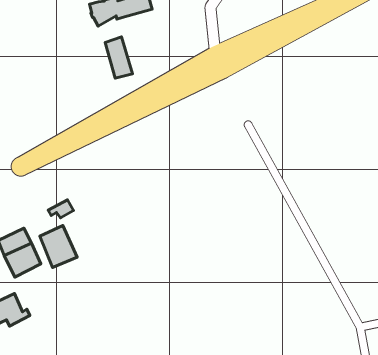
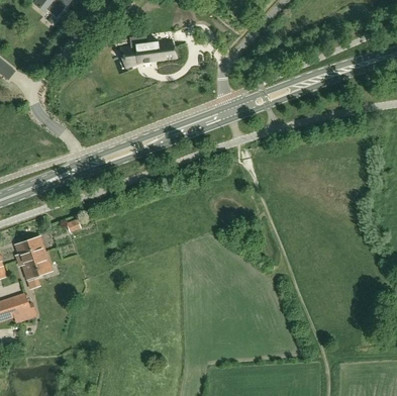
building: [105,37,132,78] -> none
building: [40,226,77,268] -> none

